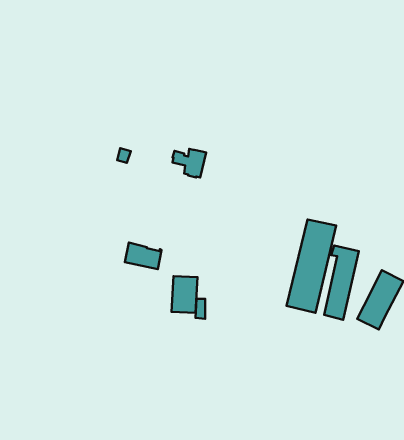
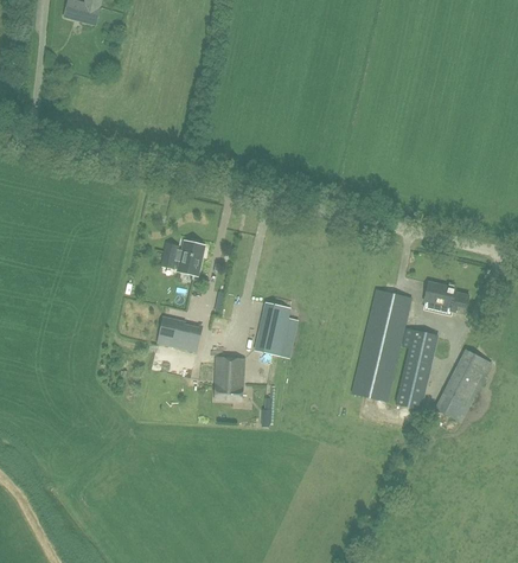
building: [172,149,206,177] -> [164,239,204,274]
building: none -> [423,281,468,313]
building: none -> [255,301,290,354]

